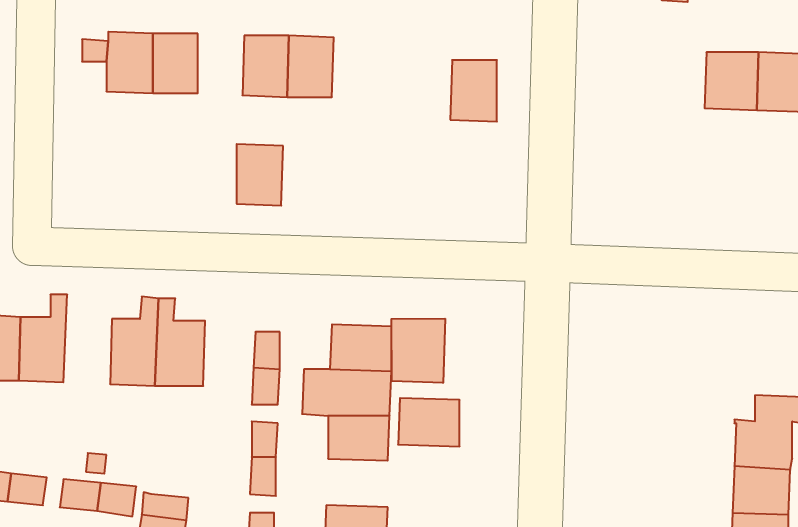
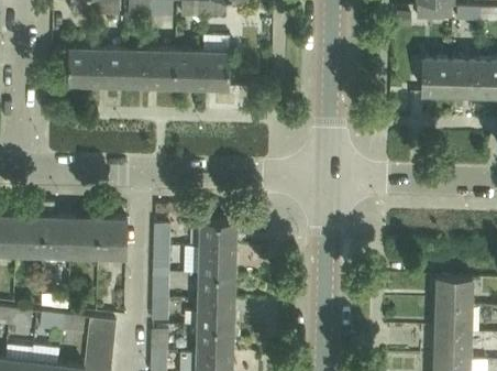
building: [450,60,497,122] -> [200,52,228,88]
building: [237,144,283,206] -> [121,50,148,86]
building: none -> [42,204,70,257]
building: [391,319,445,383] -> none
building: [398,398,460,446] -> [197,301,233,329]

